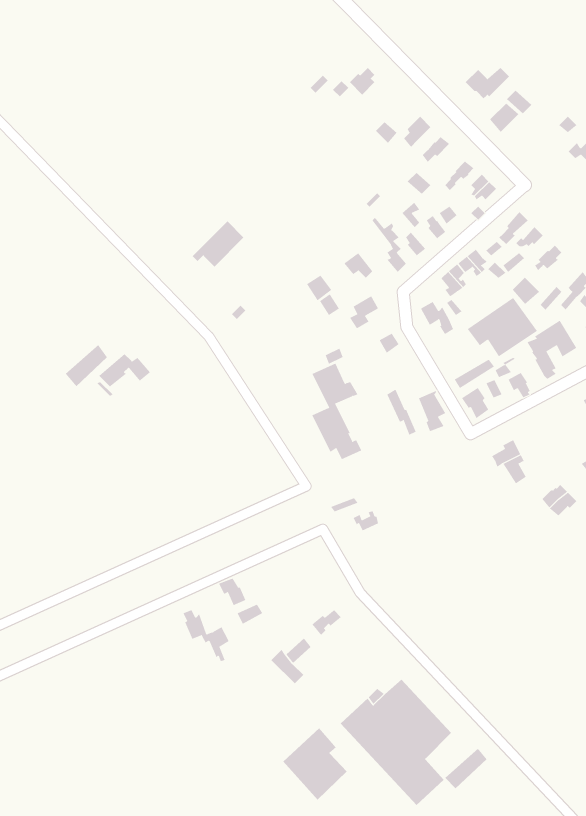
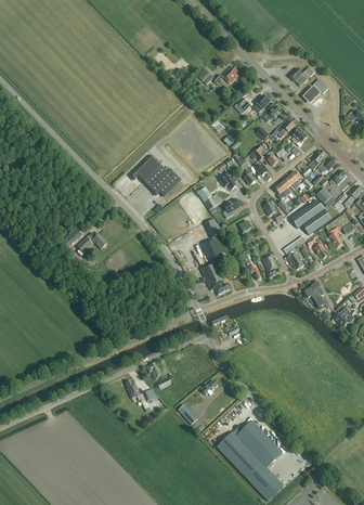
building: none -> [144,165,180,195]
building: [282,727,348,800] -> none

